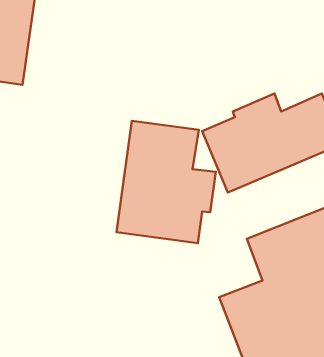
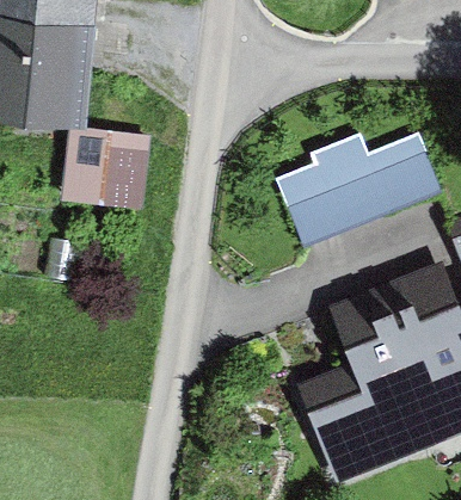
building: none -> [55,124,141,200]
building: [116,121,216,243] -> none

